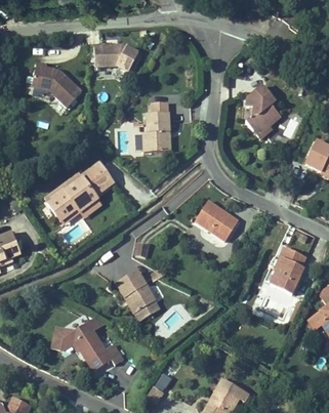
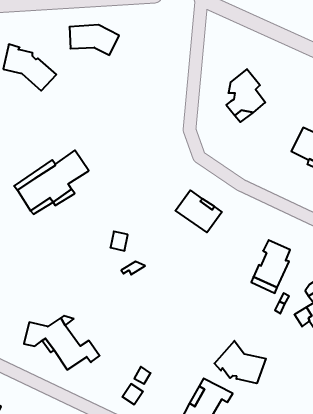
building: [142,99,170,149] -> none
building: [116,270,161,321] -> none
building: none -> [214,341,266,383]

